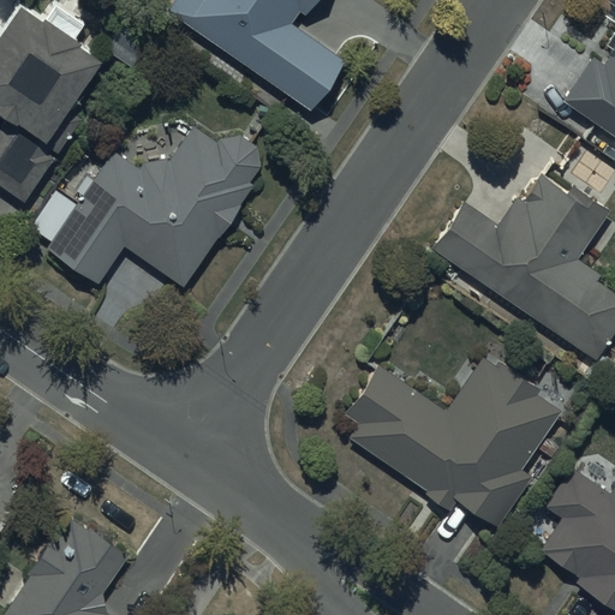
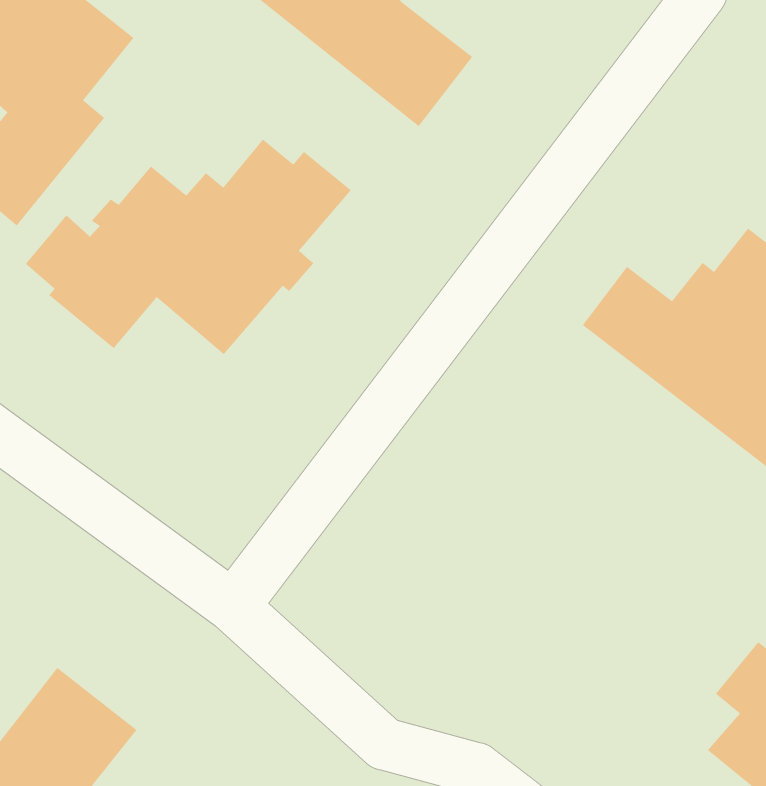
building: [339,358,562,526] -> none

